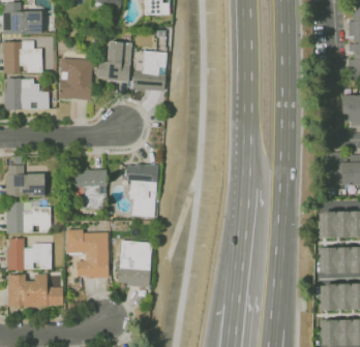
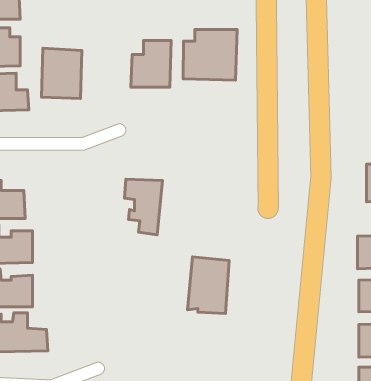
building: [96,41,130,81] -> none
building: none -> [183,29,237,80]
building: [77,170,111,209] -> none
building: [67,230,109,279] -> none
building: [119,241,153,287] -> [188,257,229,314]

